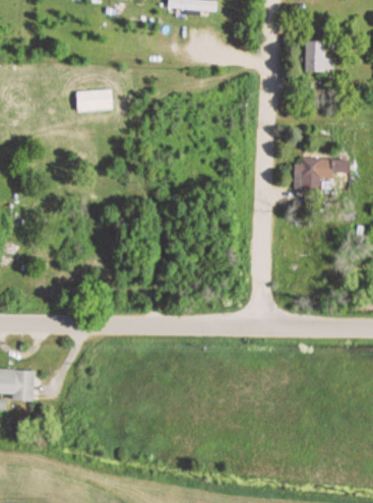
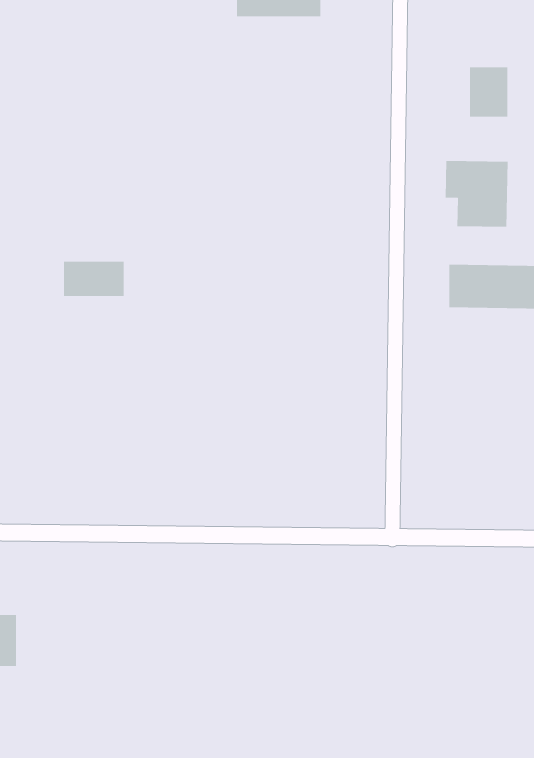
building: [75,90,112,112] -> [63,261,124,297]
building: none -> [445,160,508,228]

